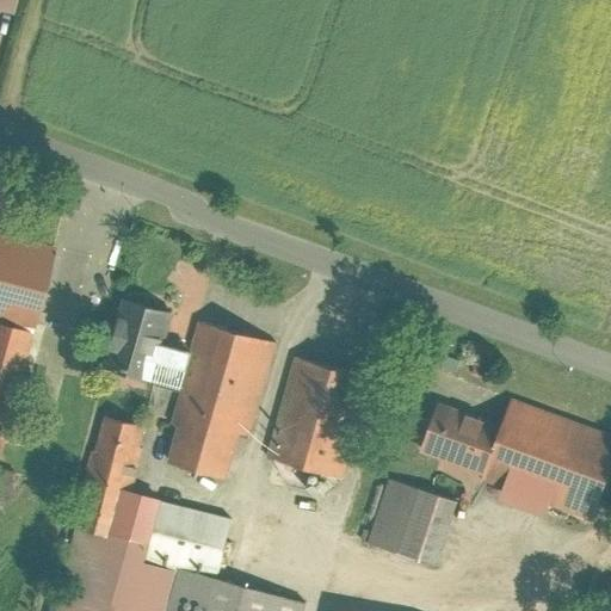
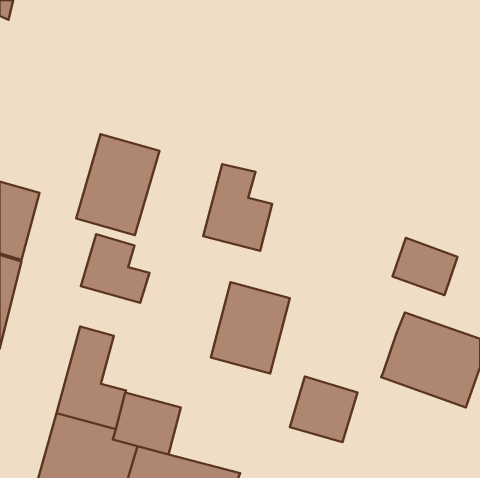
building: none -> [76,134,159,235]
building: none -> [203,164,272,251]
building: [168,325,276,475] -> none
building: [420,403,502,476] -> [393,238,458,295]

